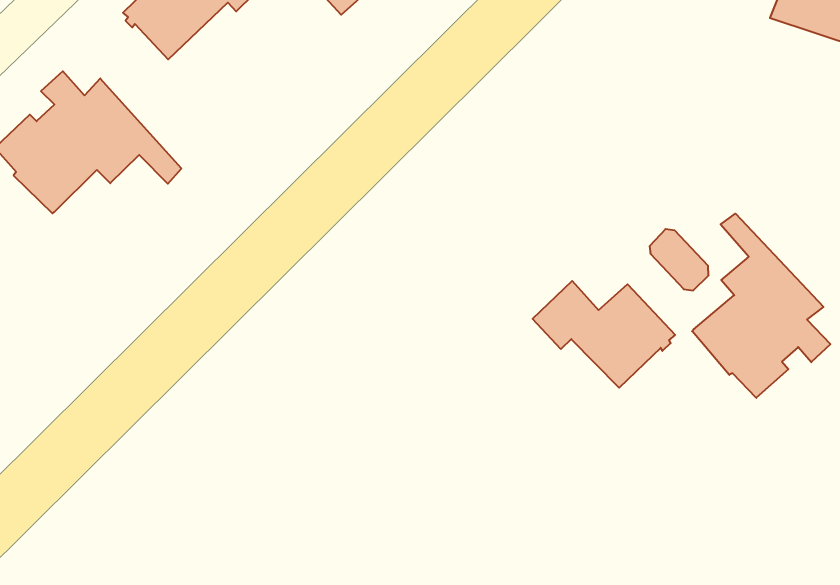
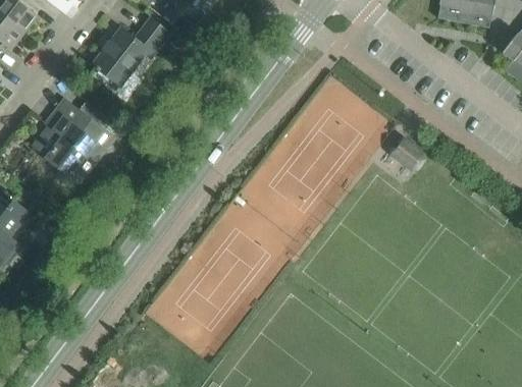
building: [692,214,830,398] -> none
building: [533,281,675,388] -> none

